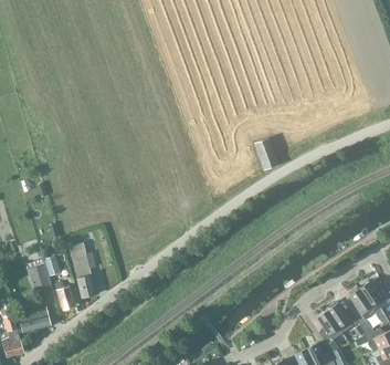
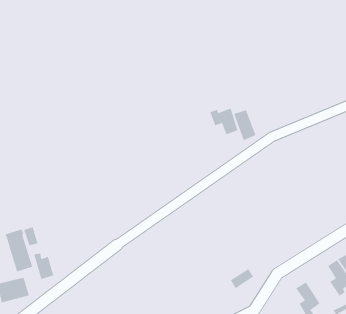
building: none -> [209,108,239,135]
building: [70,242,97,298] -> none
building: [328,302,359,333] -> none

